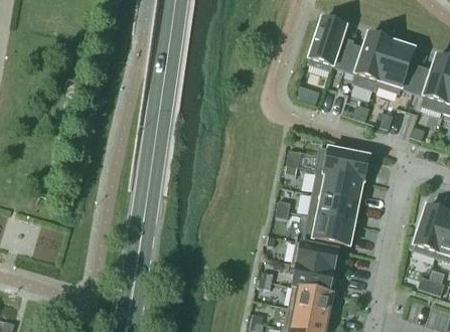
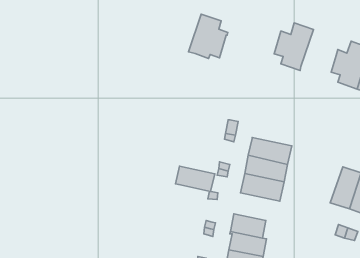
building: [306,17,353,70] -> [189,14,228,59]
building: [376,40,418,93] -> none
building: [313,145,370,180] -> none
building: [291,239,338,270] -> [175,166,215,191]

